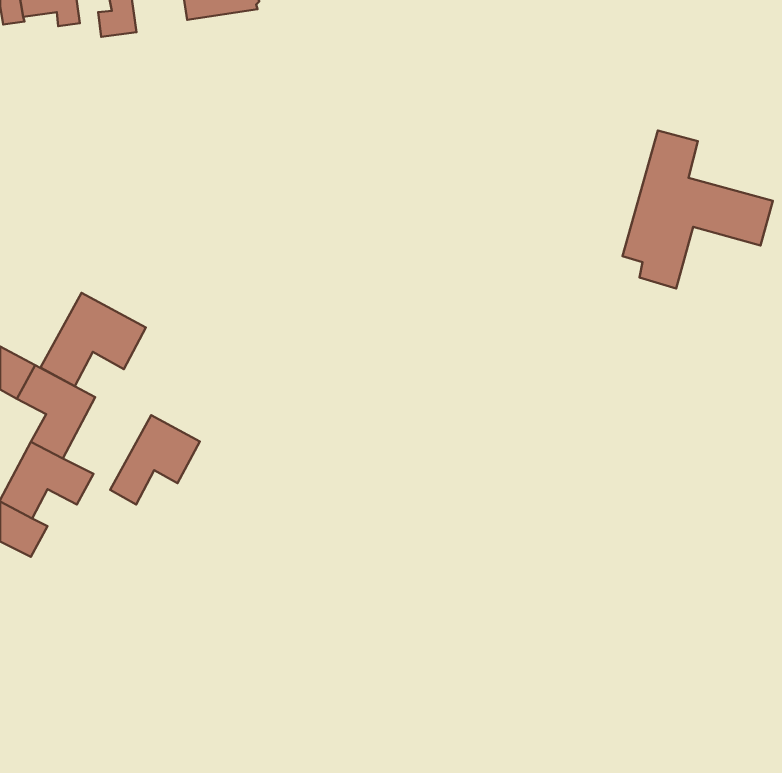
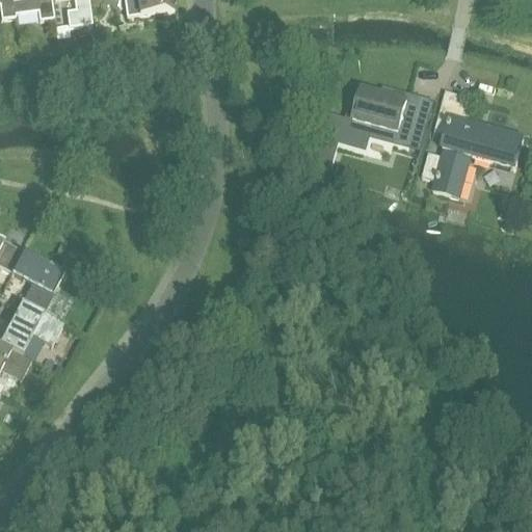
building: none -> [336,86,430,153]
building: [41,293,146,386] -> none
building: [110,415,200,504] -> none

